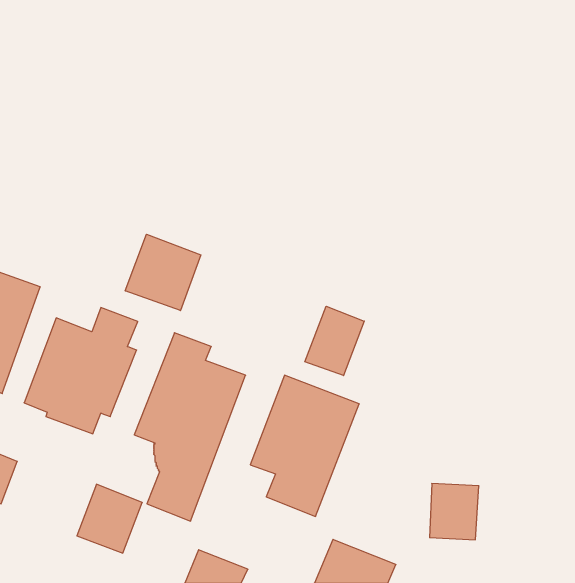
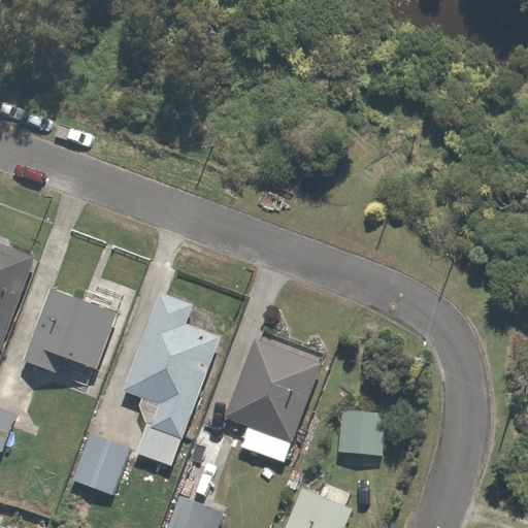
building: [125,234,201,311] -> none
building: [305,306,364,376] -> none
building: [430,484,479,540] -> [337,405,382,456]

